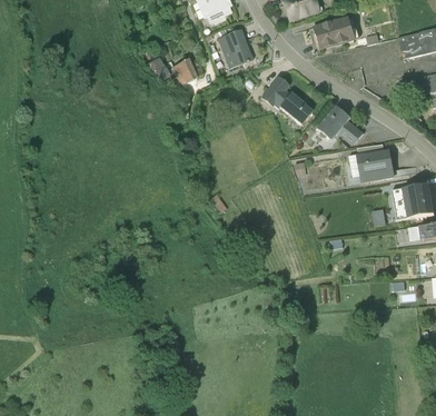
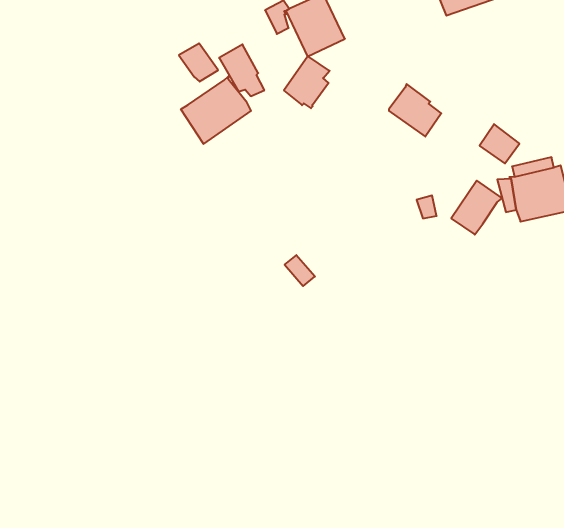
building: [262,76,293,109] -> [284,56,330,108]
building: none -> [181,76,251,144]
building: [317,106,350,140] -> [451,181,502,235]

